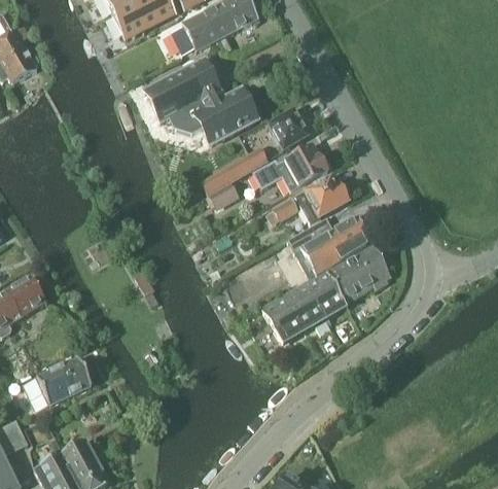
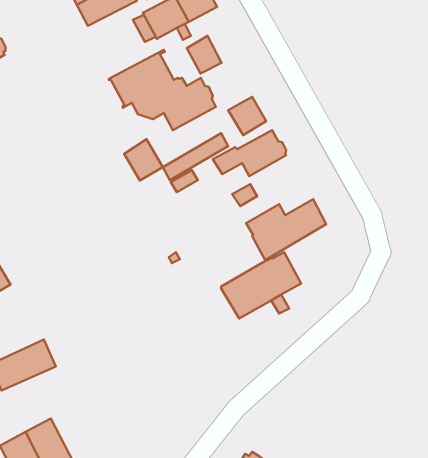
building: none -> [187,36,222,74]
building: none -> [124,139,163,180]
building: [293,175,348,223] -> none
building: [326,245,390,302] -> none

